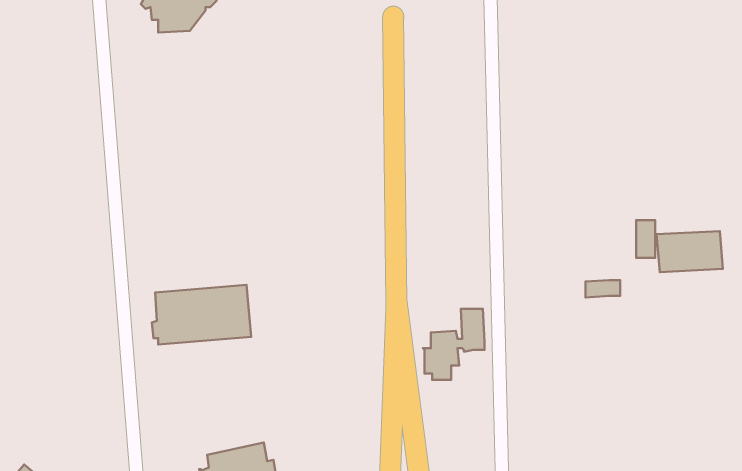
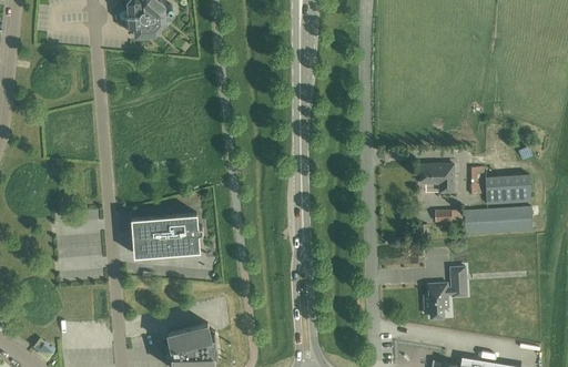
building: none -> [419,164,454,192]
building: none -> [463,205,531,234]
building: [423,309,484,380] -> [423,267,466,317]

